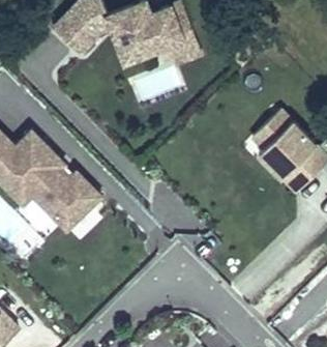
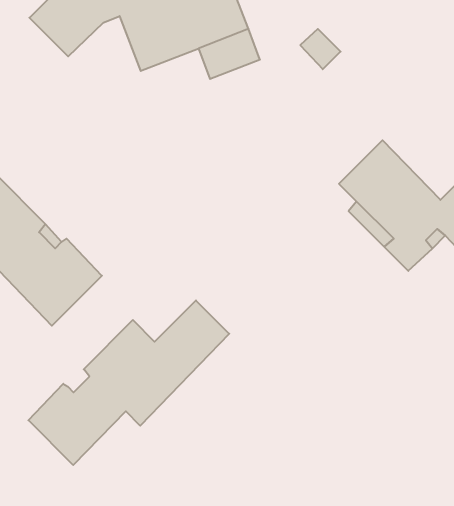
building: none -> [28,300,229,465]

